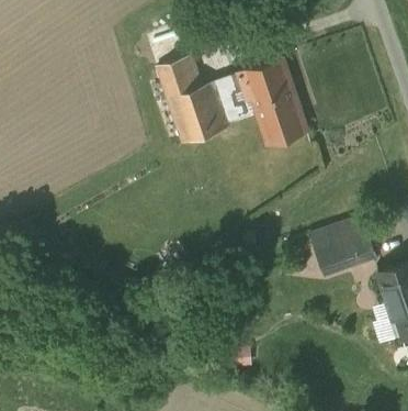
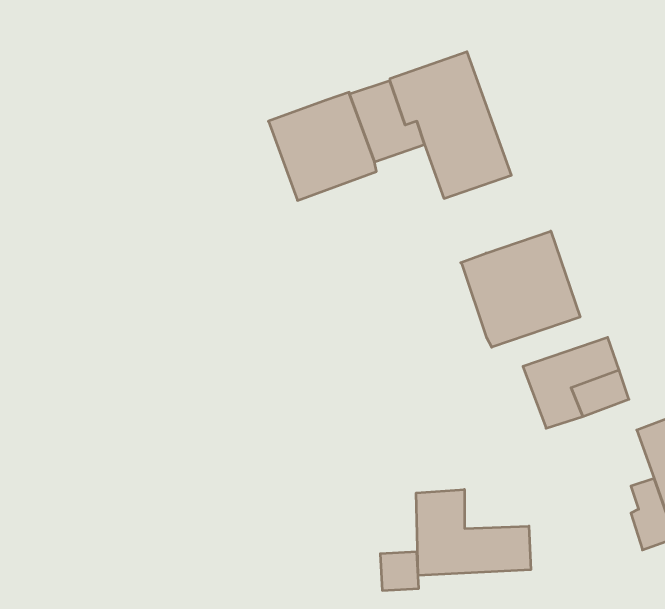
building: [157,57,201,99] -> none
building: none -> [461,231,580,347]
building: none -> [416,489,531,576]

